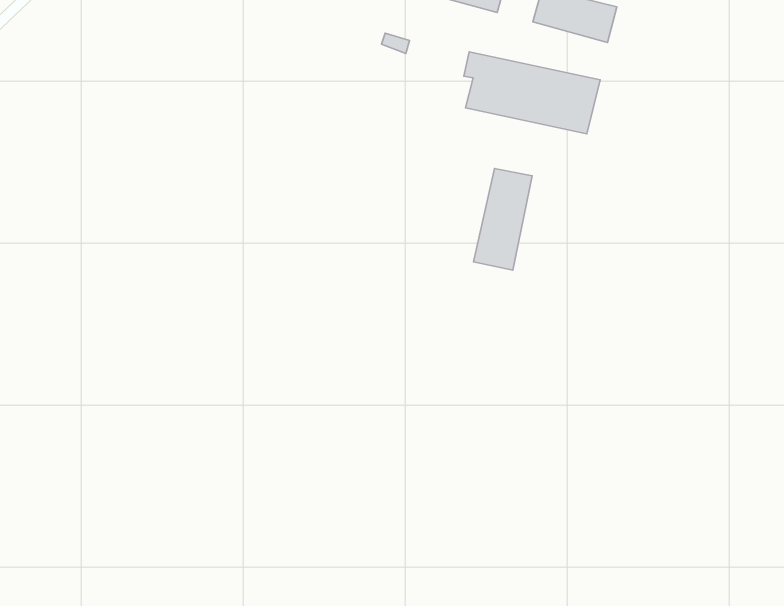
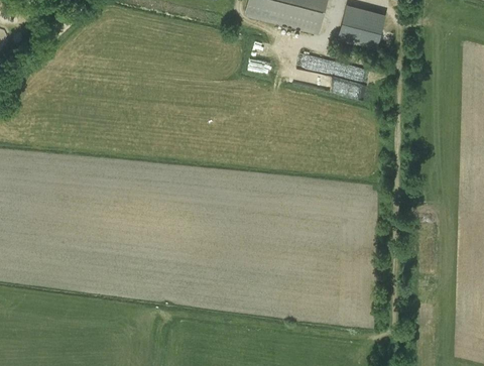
building: [474,168,532,270] -> none

